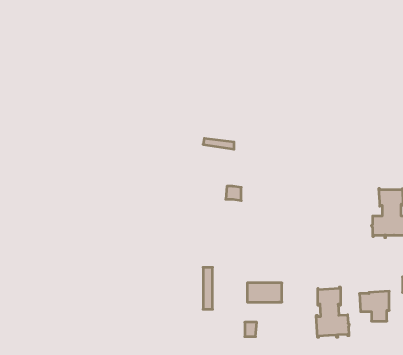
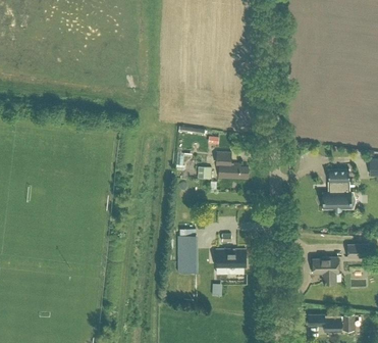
building: none -> [216,151,248,179]
building: [316,287,349,337] -> none

